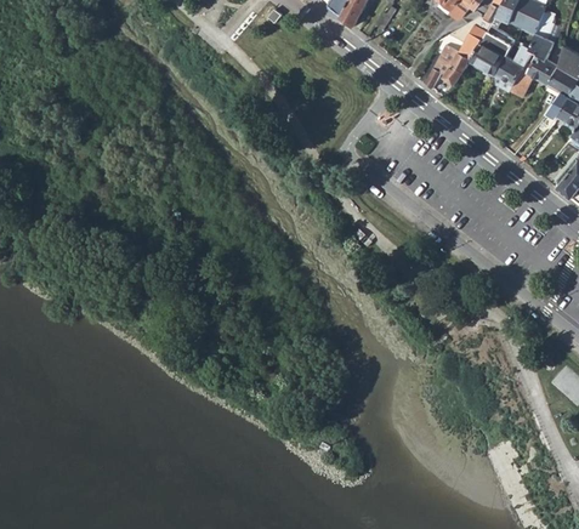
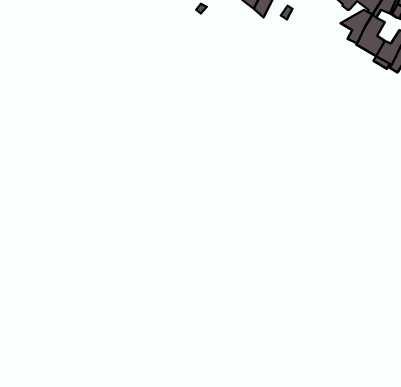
building: [425,45,471,90] -> none

